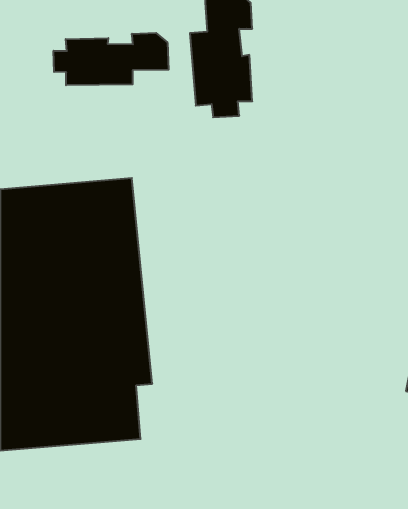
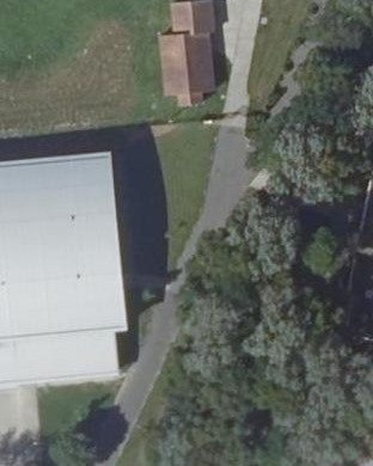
building: [54,33,169,85] -> none

